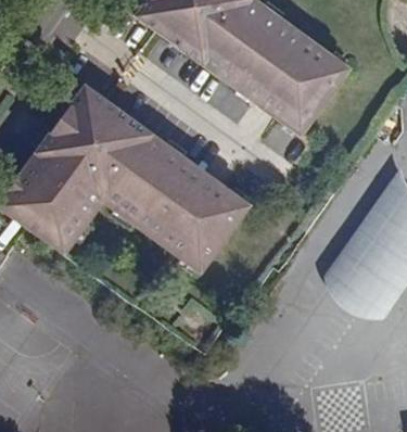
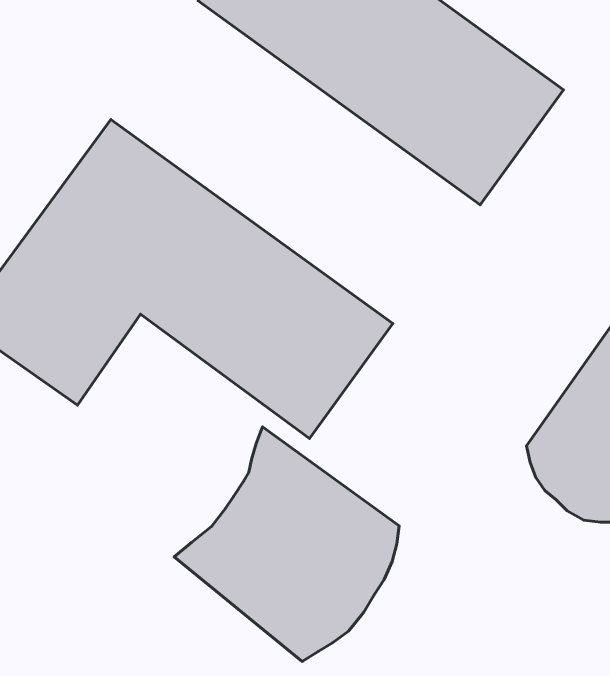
building: none -> [174,427,399,661]

